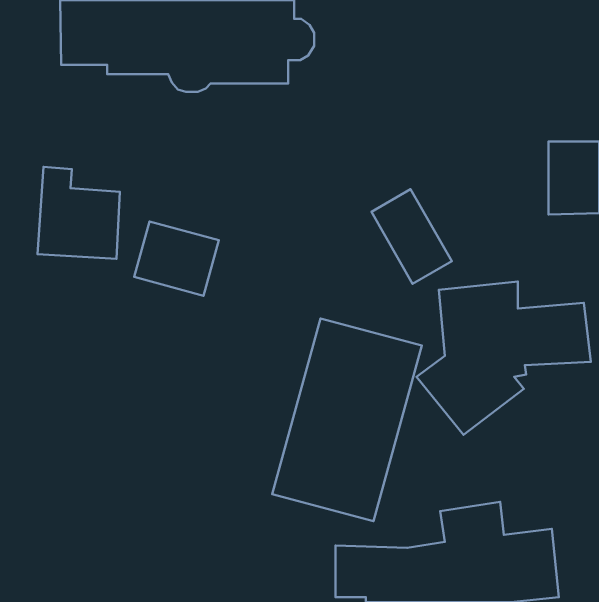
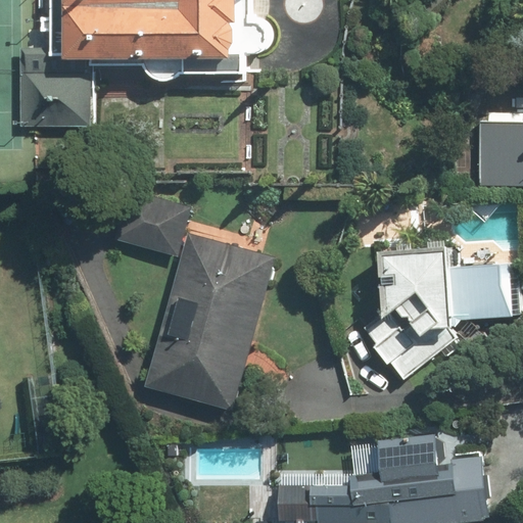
building: [38,167,120,259] -> [20,54,92,134]
building: [371,189,452,284] -> none
building: [272,319,422,521] -> [144,234,274,410]

